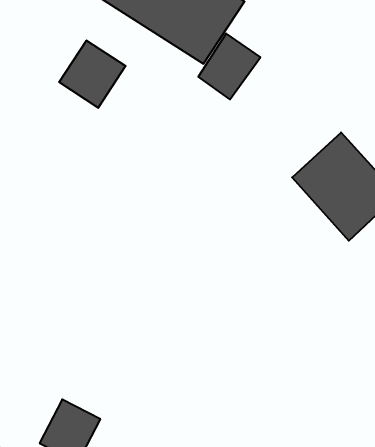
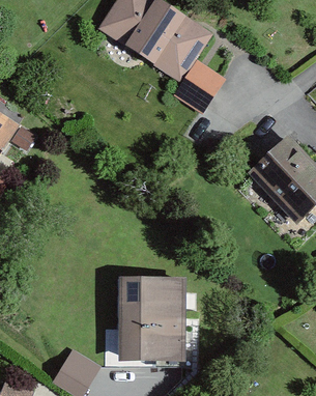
building: [59,40,126,108] -> none
building: none -> [117,278,182,361]

